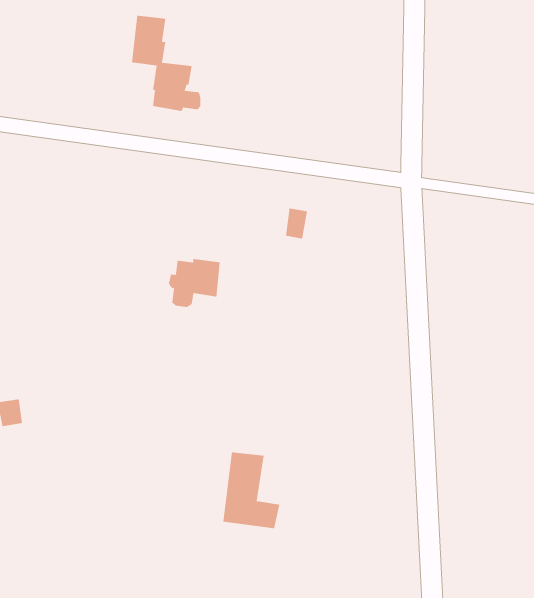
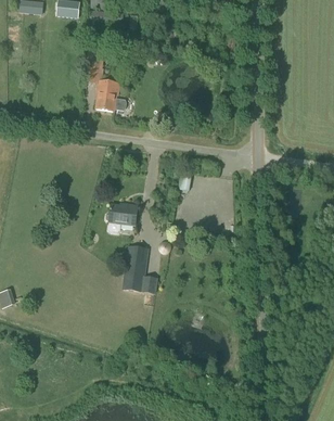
building: [222,452,280,529] -> [123,245,158,293]

